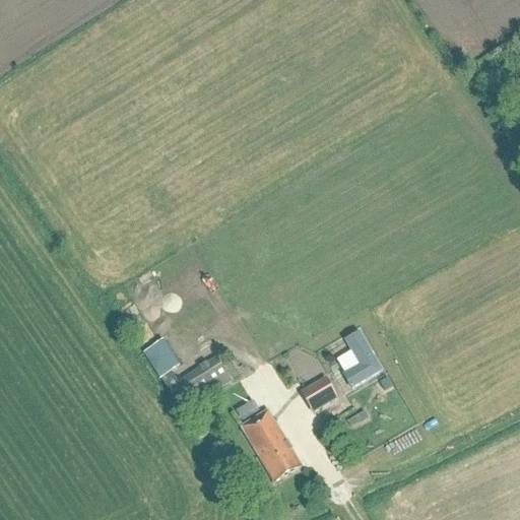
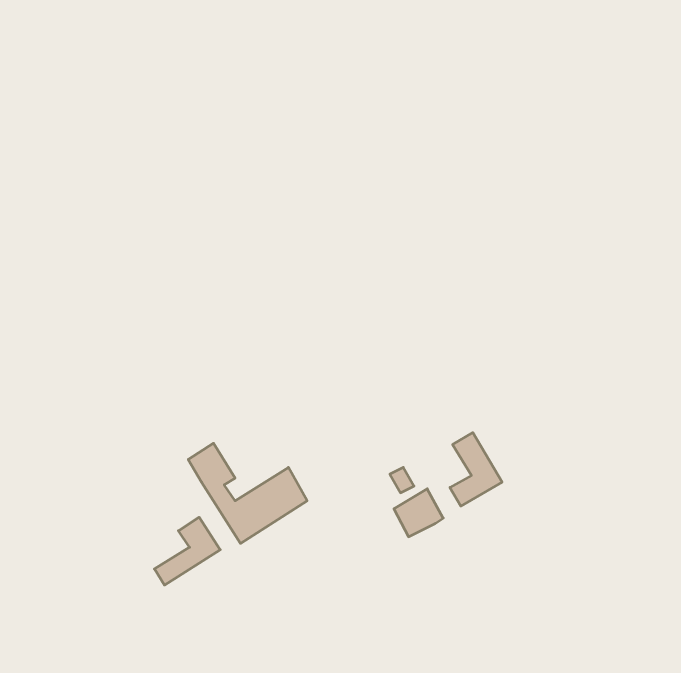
building: none -> [154,517,220,585]
building: [240,407,300,477] -> none

